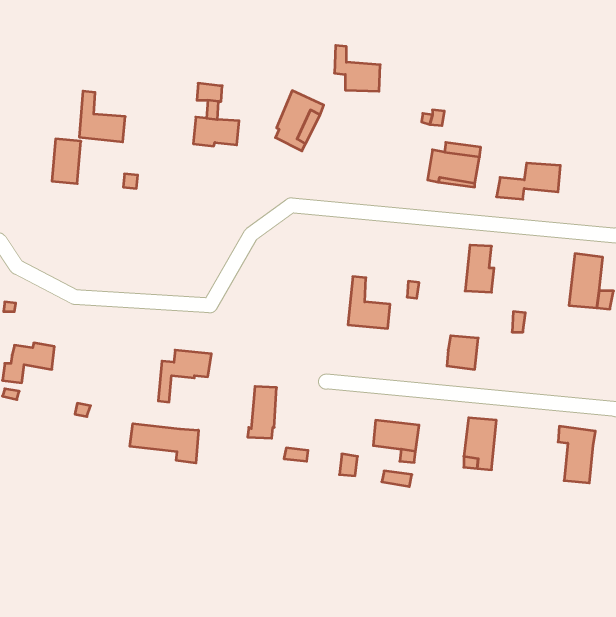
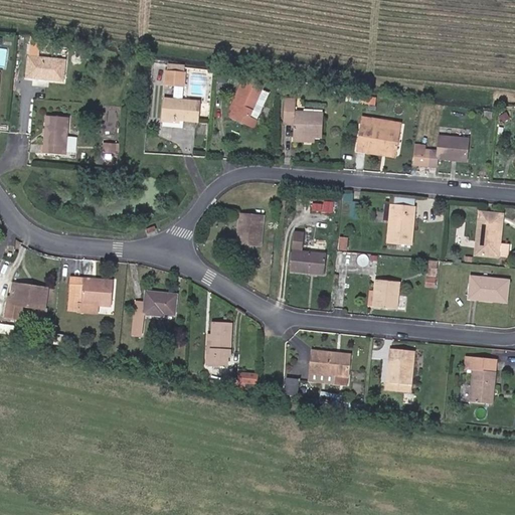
building: [334,45,380,91] -> [284,98,322,136]
building: [79,91,125,142] -> [26,38,64,80]
building: none -> [236,212,263,245]
building: none -> [468,276,507,302]
building: none -> [67,279,113,312]
building: [130,424,198,463] -> none

